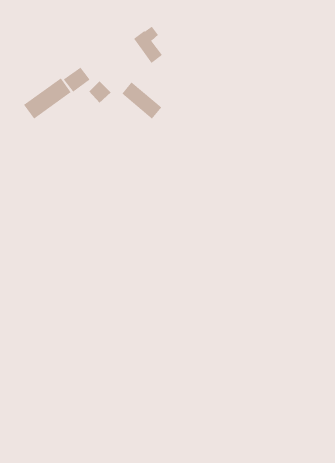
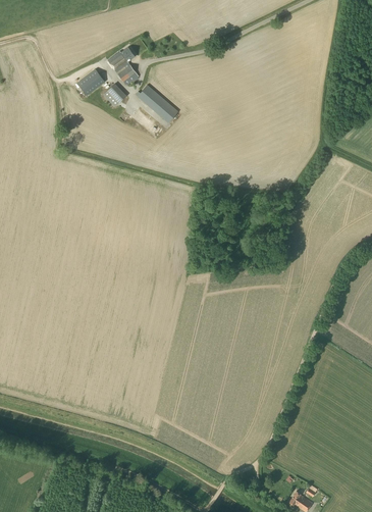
building: [133,26,163,64] -> [108,47,139,86]
building: [23,77,72,120] -> none

